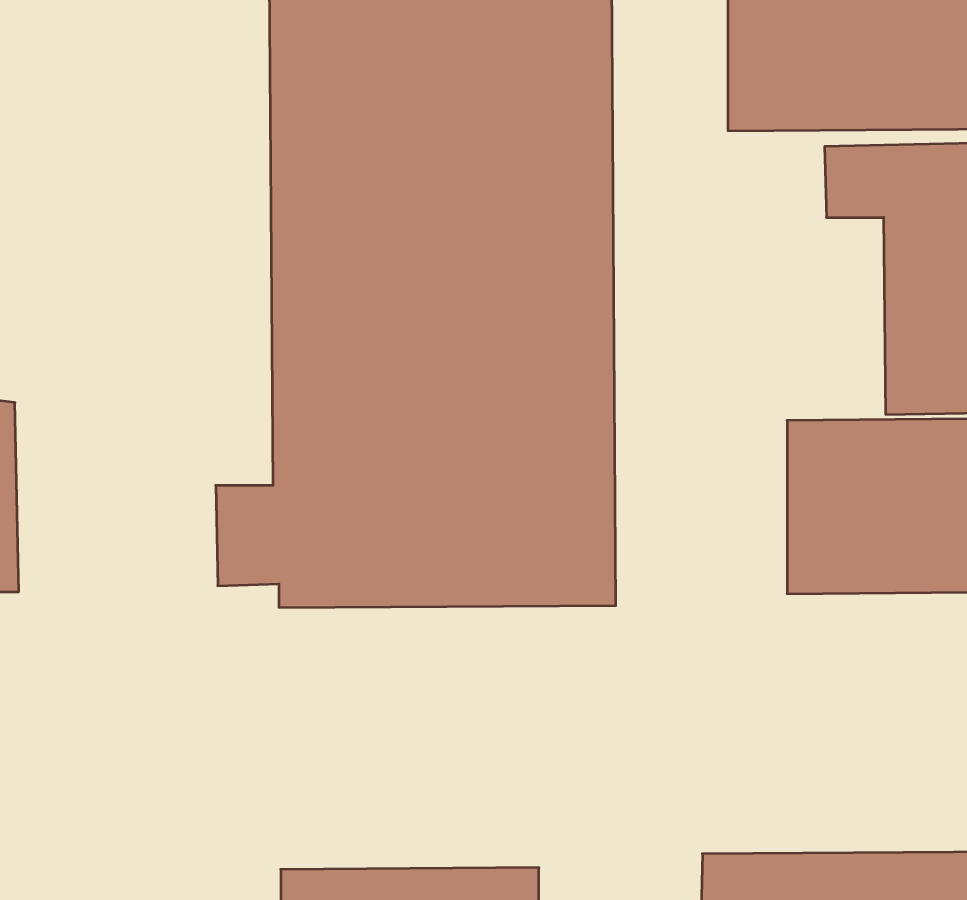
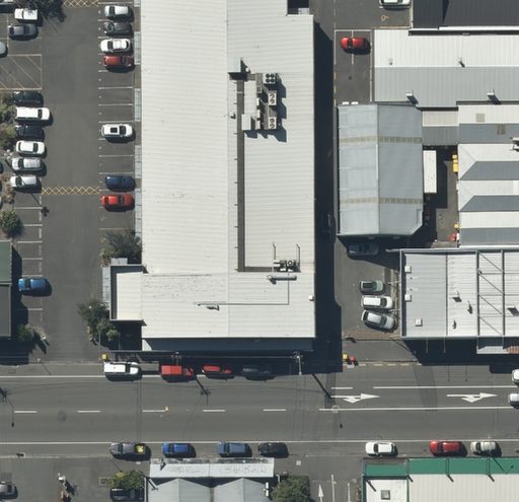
building: none -> [339,105,426,236]

